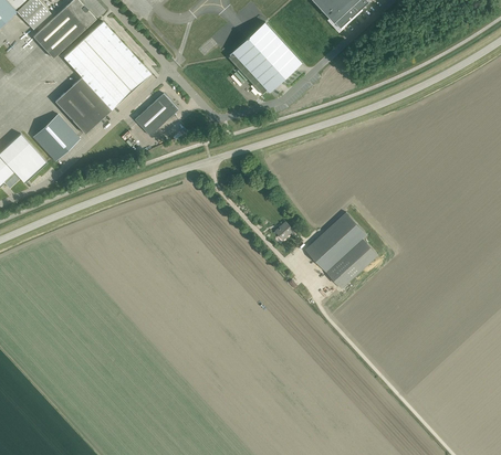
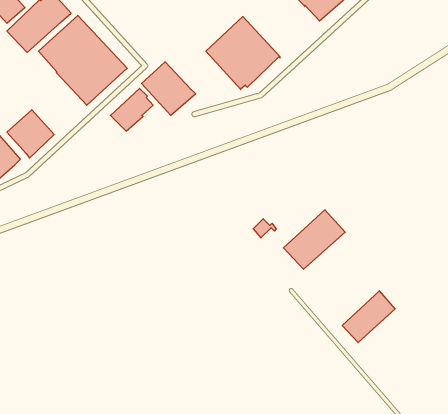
building: none -> [142,62,196,115]
building: [54,77,111,134] -> none
building: [325,237,377,288] -> [342,291,395,343]

